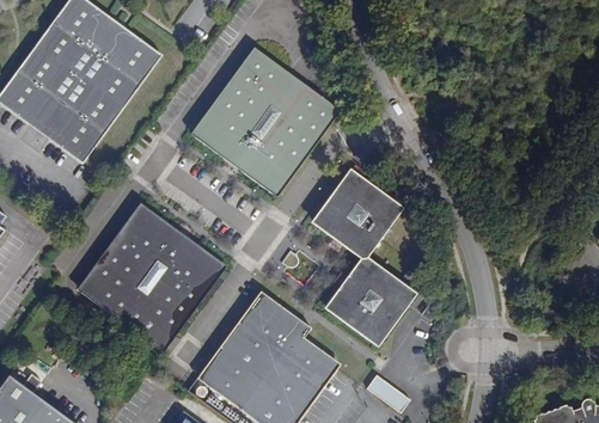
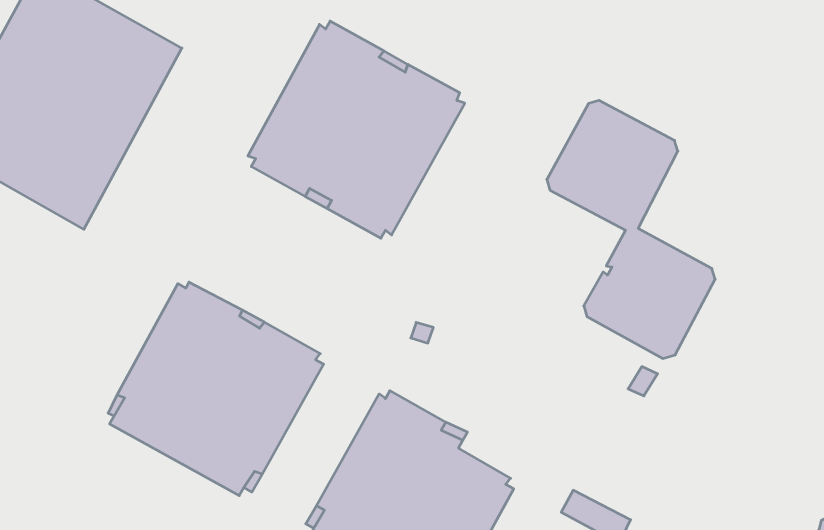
building: [312,171,412,343] -> [547,100,715,358]

